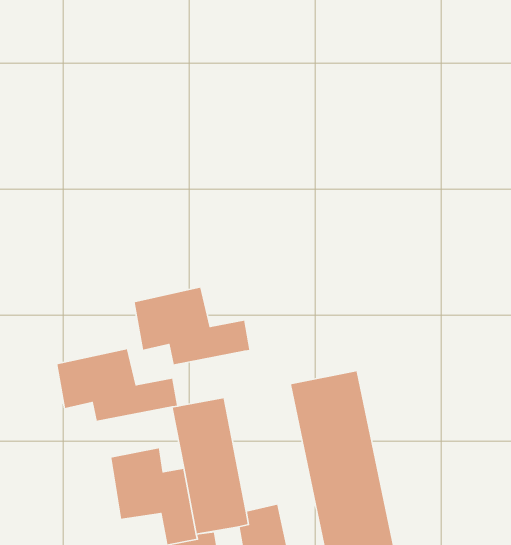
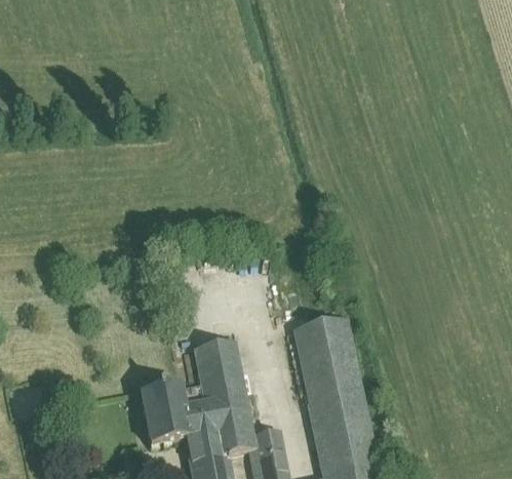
building: [134,287,250,365] -> none
building: [56,349,178,422] -> none

